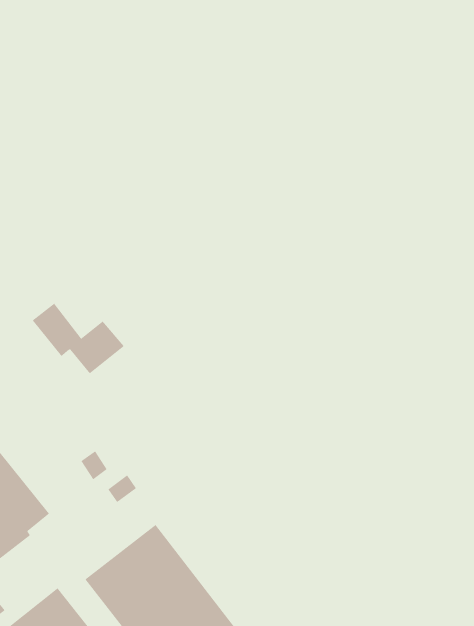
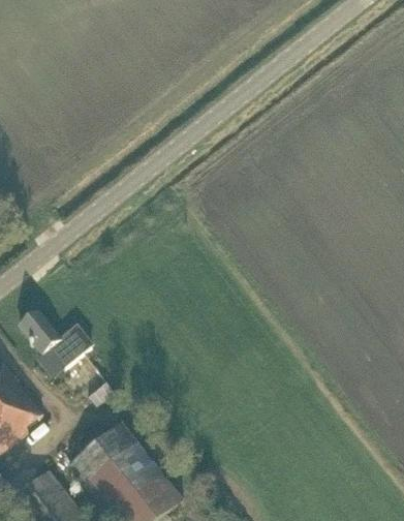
building: [32,303,124,374] -> [19,310,90,365]

